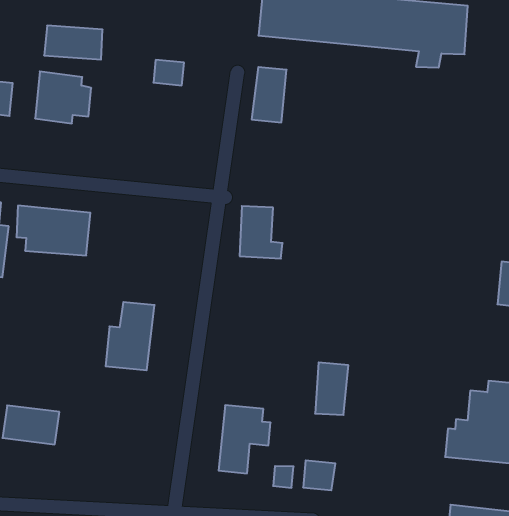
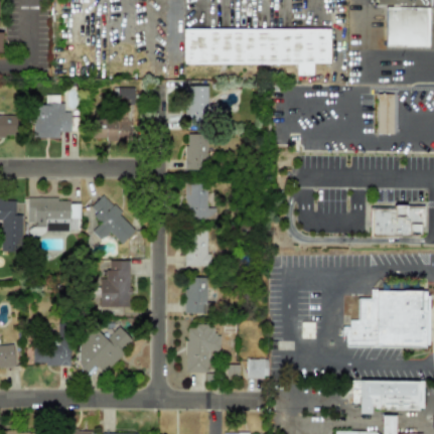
building: [44,26,103,60] -> [94,119,134,141]
building: none -> [187,134,209,170]
building: none -> [91,195,138,245]
building: none -> [187,231,210,267]
building: [315,362,348,415] -> [187,278,208,314]
building: none -> [73,327,136,373]

